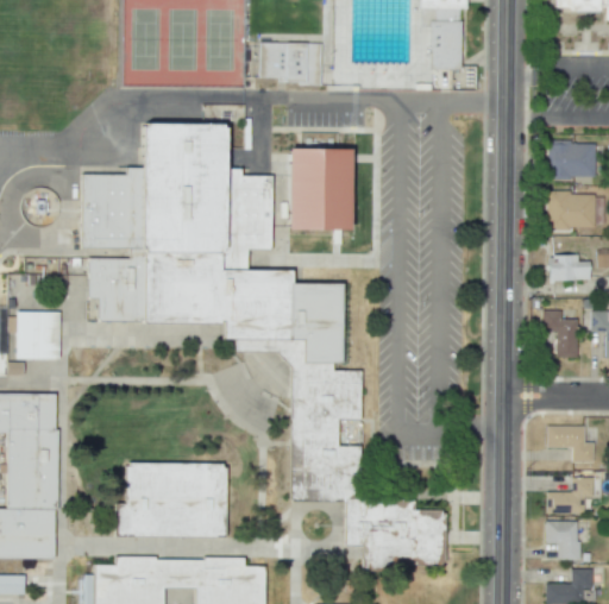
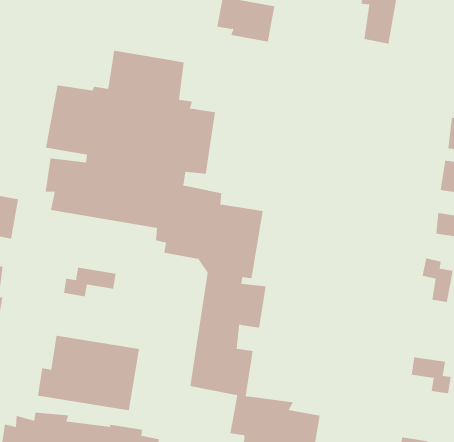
building: [290,149,354,231] -> none
building: none -> [63,267,116,297]
building: [546,477,592,514] -> none

